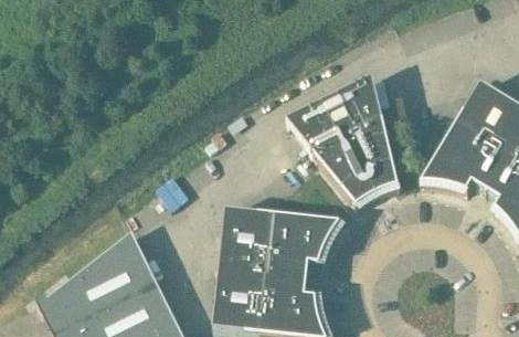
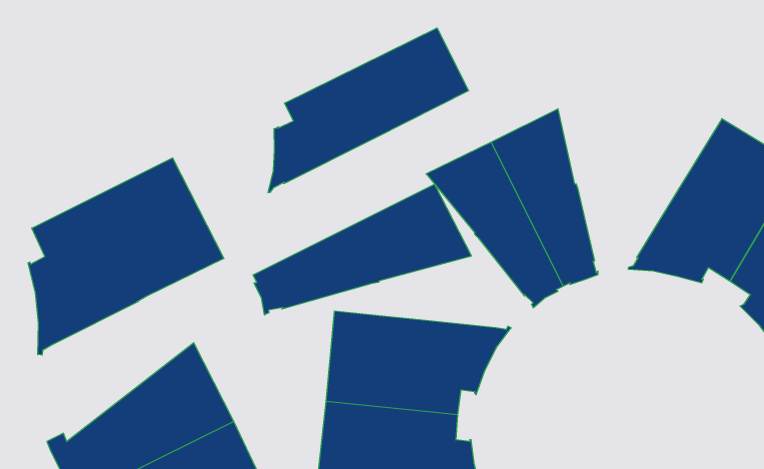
building: none -> [268,28,468,193]
building: none -> [28,158,224,355]
building: none -> [253,184,471,315]

